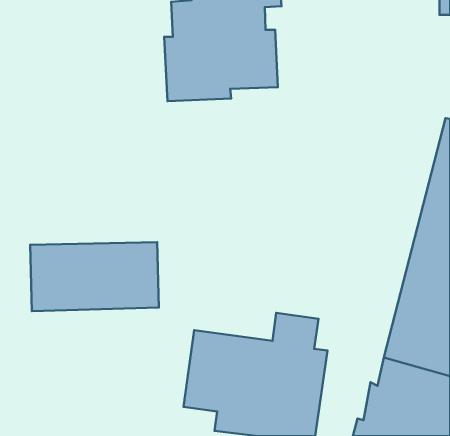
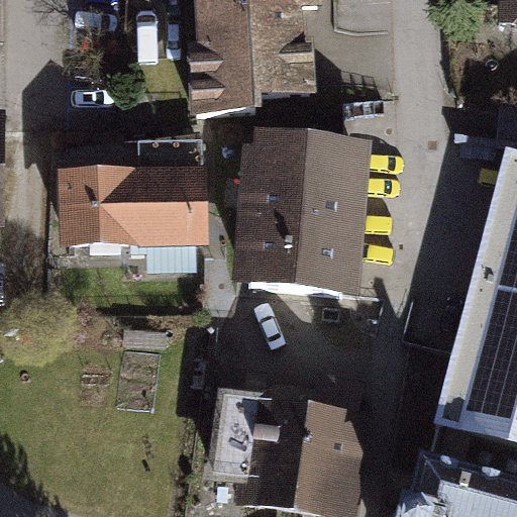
building: none -> [232,129,374,296]
building: [30,242,159,311] -> [59,169,206,247]

